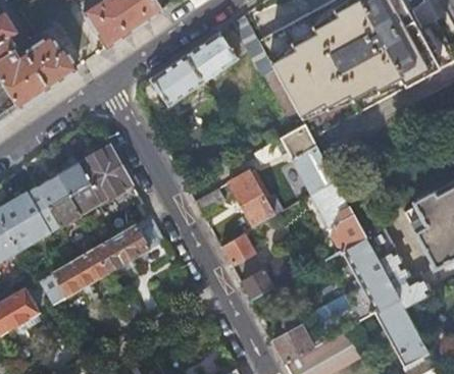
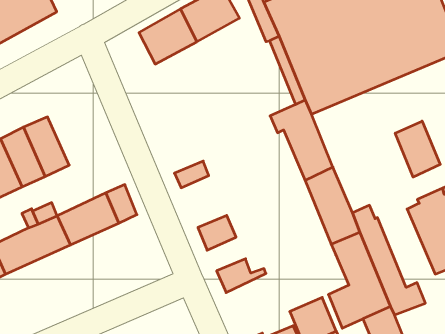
building: none -> [395,121,440,177]
building: [78,142,134,202] -> none
building: [229,169,273,227] -> none

